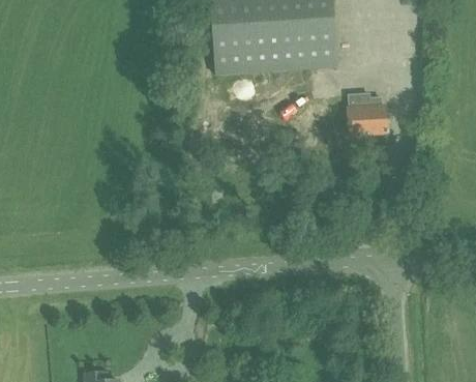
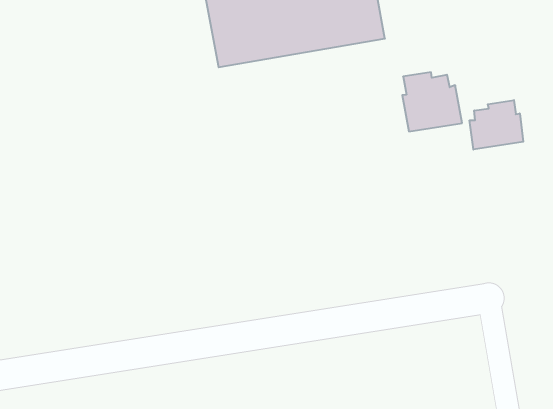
building: none -> [470,100,523,150]

